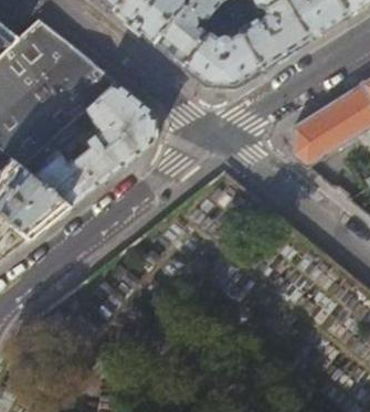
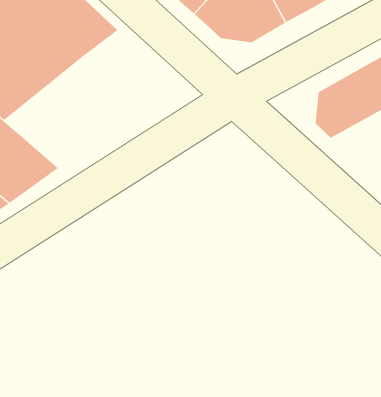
building: [30,83,152,205] -> none

